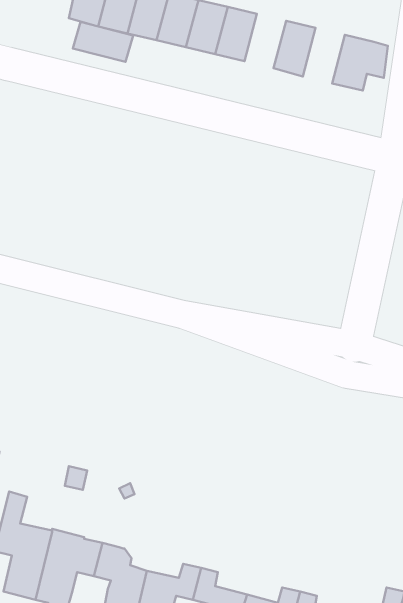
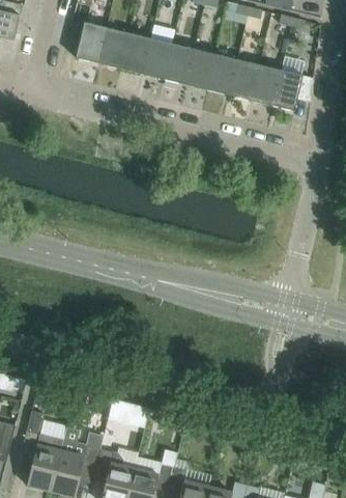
building: none -> [206,54,237,94]
building: [73,22,133,62] -> none
building: none -> [250,64,281,106]

